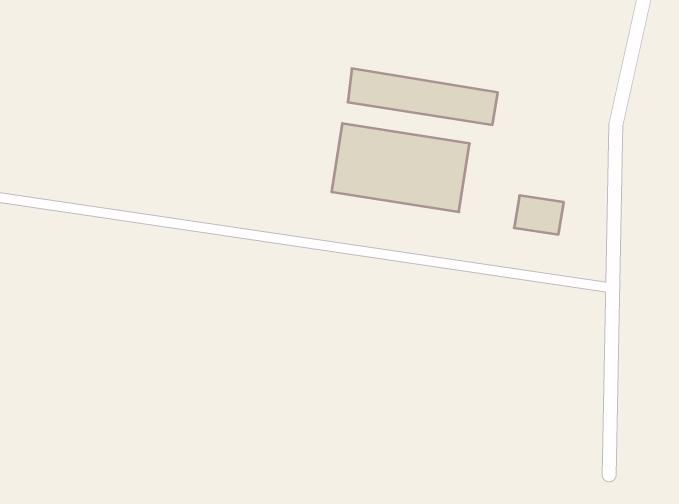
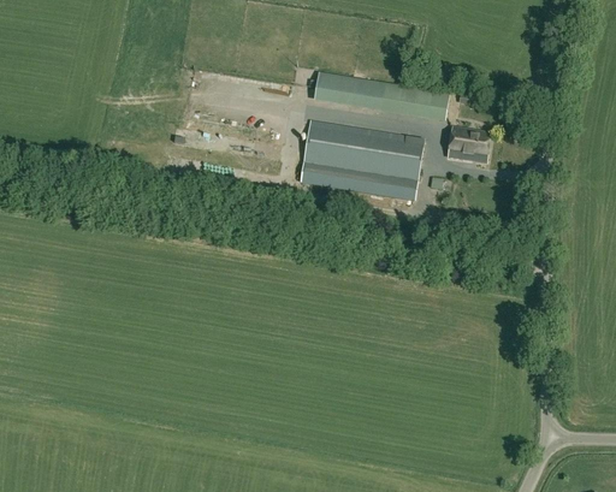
building: [514,196,564,234] -> [446,126,491,161]

